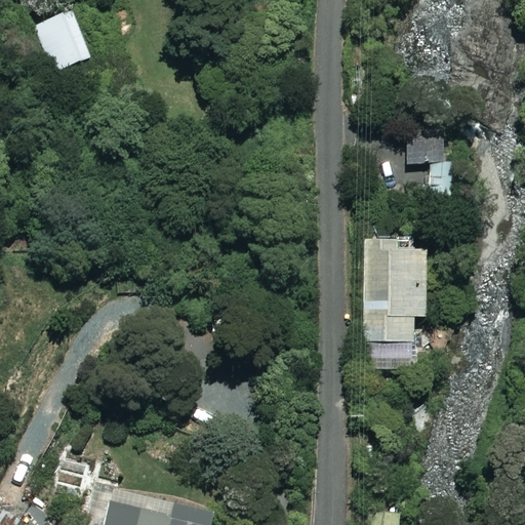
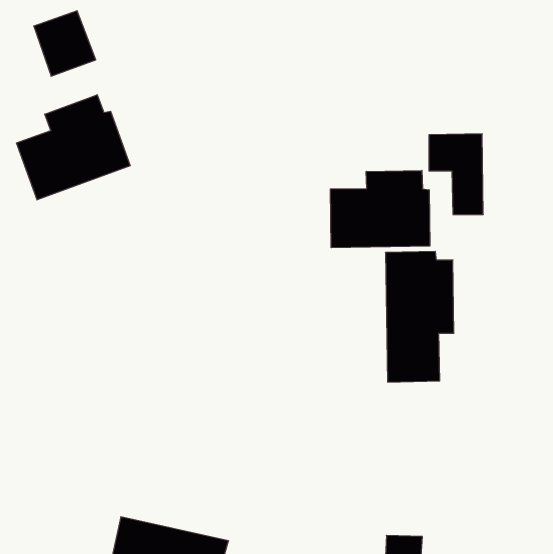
building: none -> [16,95,130,200]
building: none -> [330,170,430,248]

